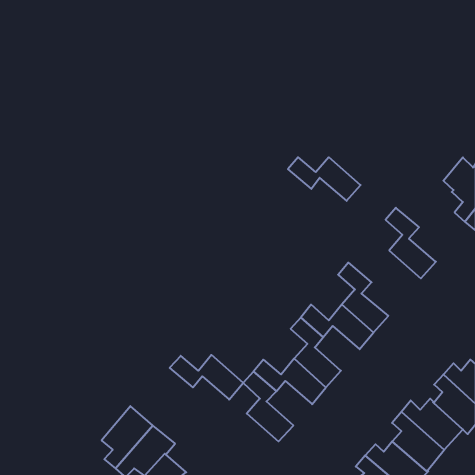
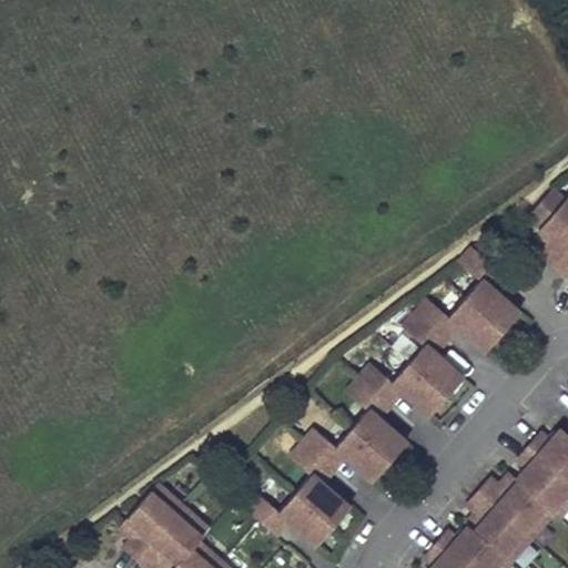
building: [288,157,361,201] -> [416,300,503,352]
building: [170,355,243,400] -> [245,494,333,547]

